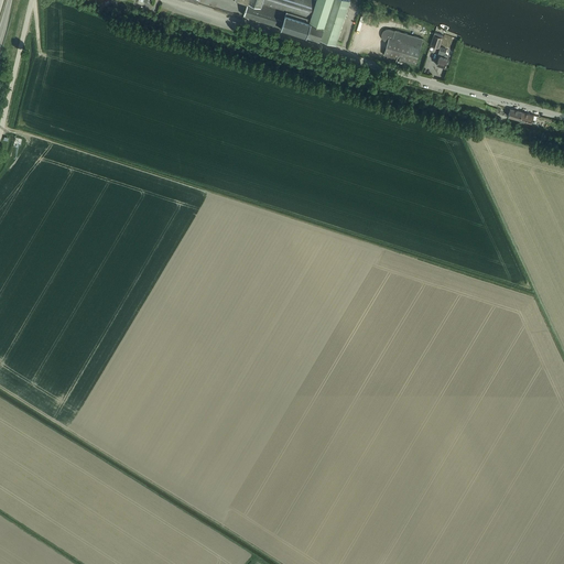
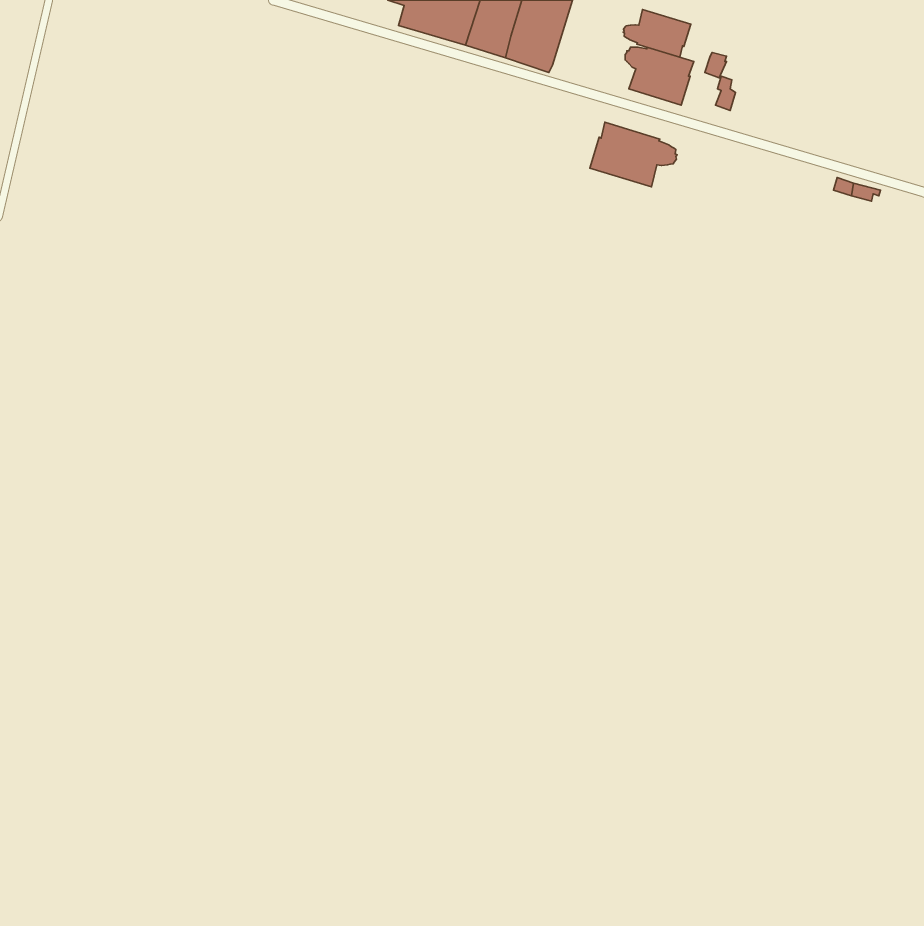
building: none -> [623,9,691,57]
building: none -> [590,122,677,187]

